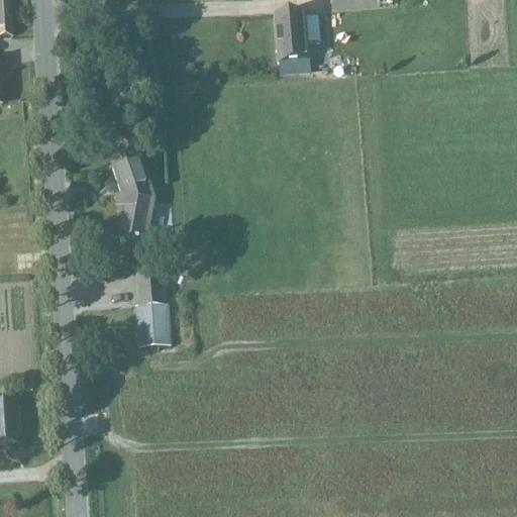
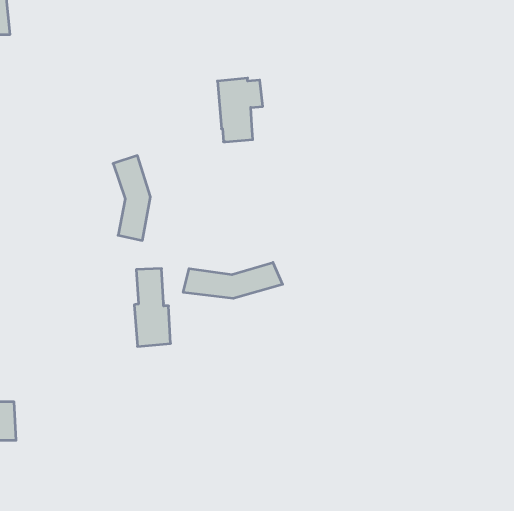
building: [273,10,318,74] -> [217,78,263,142]
building: none -> [183,262,283,298]

